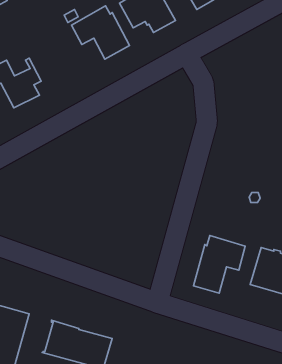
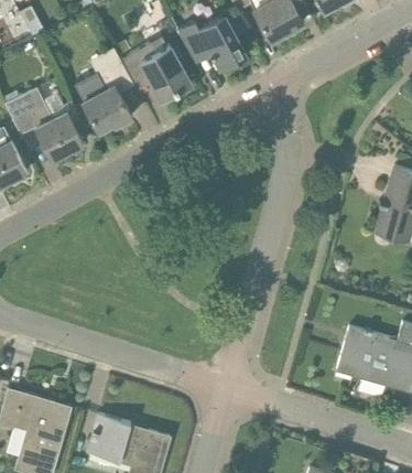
building: none -> [74,60,135,133]
building: [194,236,245,293] -> none

